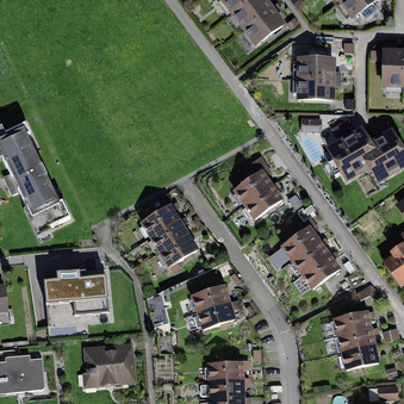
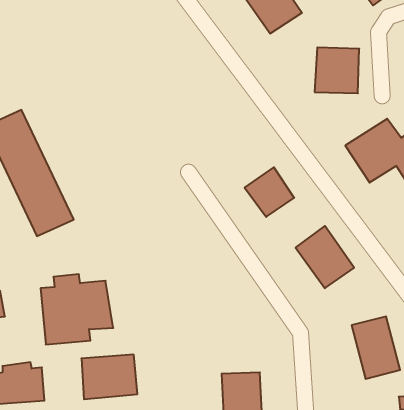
building: [141,204,199,267] -> none
building: [193,285,236,328] -> none

